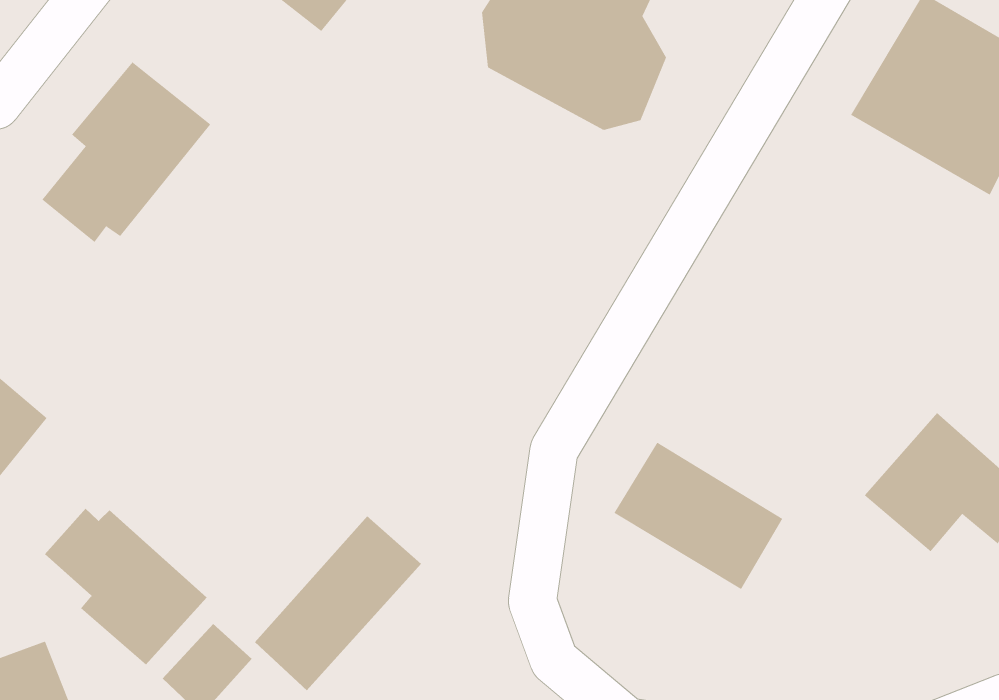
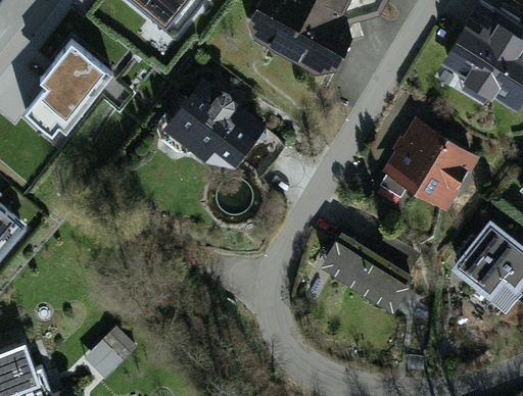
building: none -> [160,78,263,179]
building: none -> [387,126,477,211]
building: [44,508,208,666] -> none
building: [254,516,422,691] -> none

